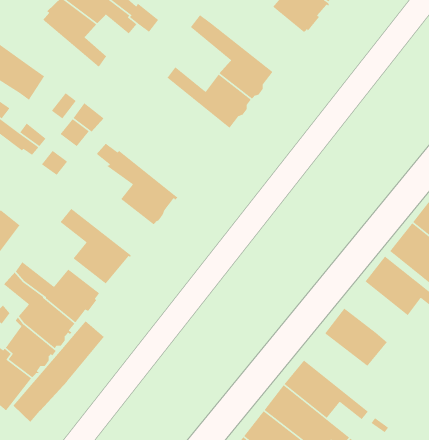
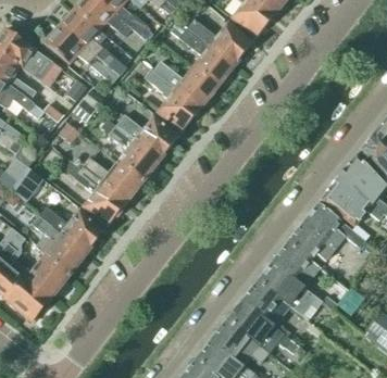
building: none -> [187,20,251,65]
building: none -> [43,26,120,84]
building: none -> [136,63,202,130]
building: none -> [117,114,177,159]
building: none -> [82,158,143,202]
building: none -> [287,223,335,262]
building: [13,320,105,423] -> none
building: none -> [257,262,322,322]

